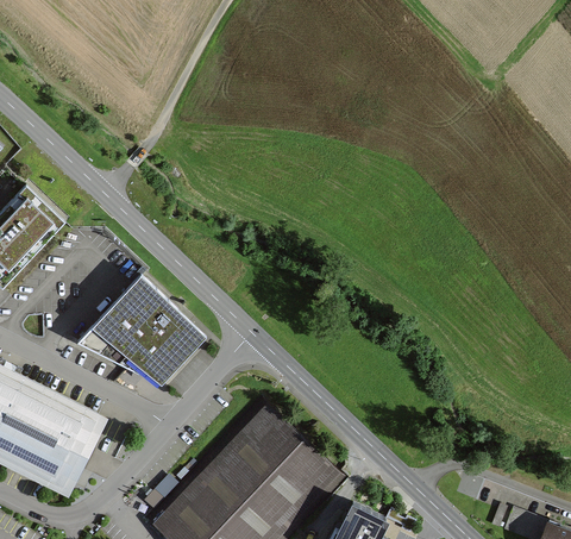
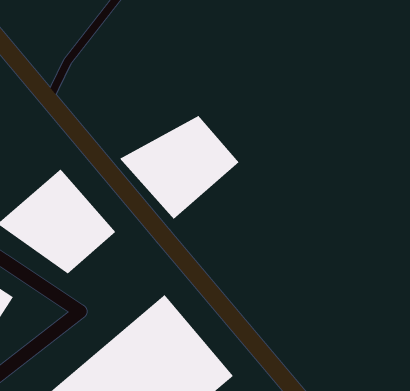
building: none -> [119,115,240,220]

